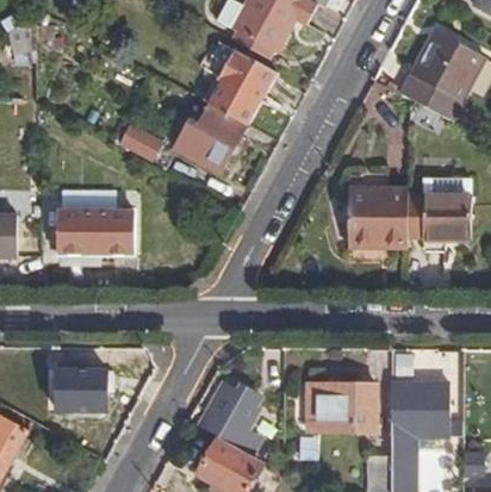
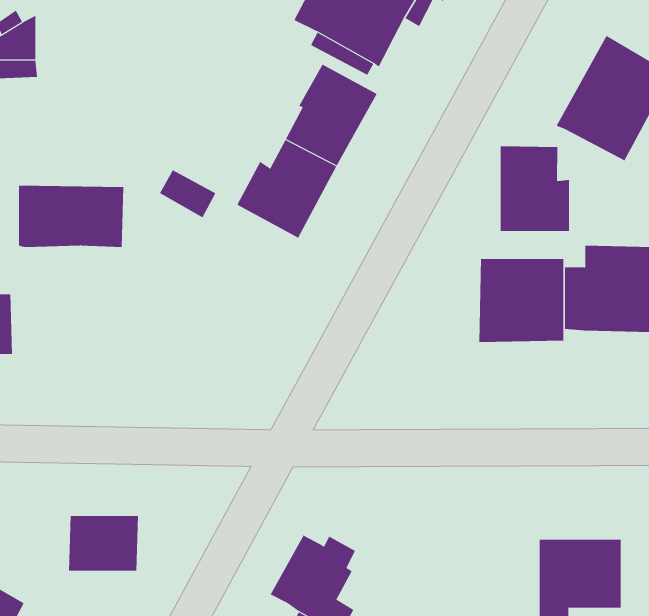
building: none -> [500,145,570,232]
building: [58,210,133,254] -> [18,185,124,247]
building: [306,384,374,431] -> none

